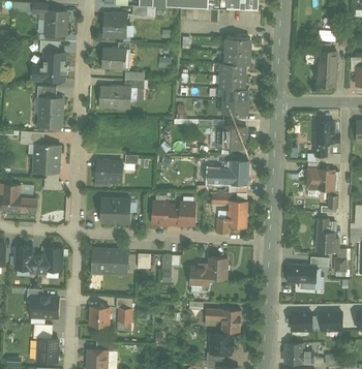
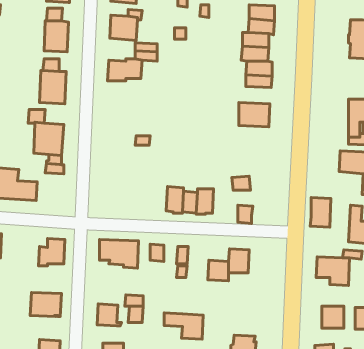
building: [95,160,122,182] -> none
building: [213,160,247,183] -> none
building: [100,197,129,222] -> none
building: [229,201,247,227] -> [310,197,331,227]
building: [14,246,38,272] -> none
building: [205,308,240,332] -> [164,313,203,339]

